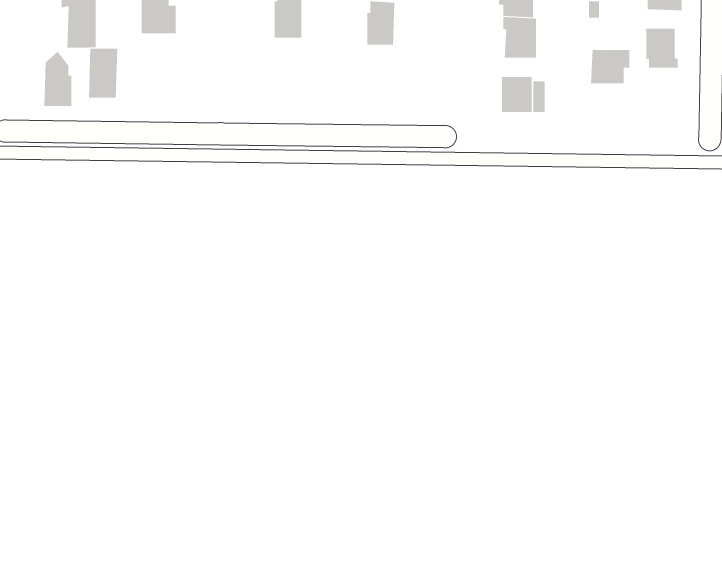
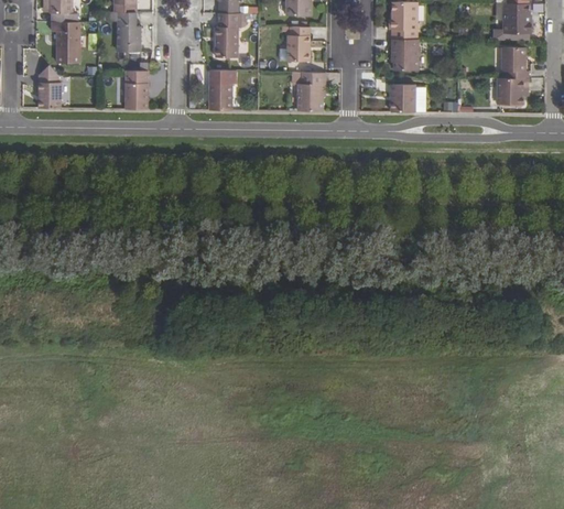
building: [88,48,118,98] -> [124,71,148,109]
building: [590,50,630,84] -> [497,78,528,105]
building: none -> [209,69,235,110]
building: none -> [292,73,323,111]

